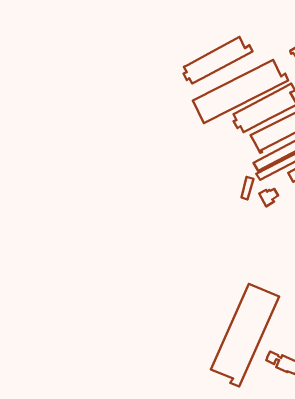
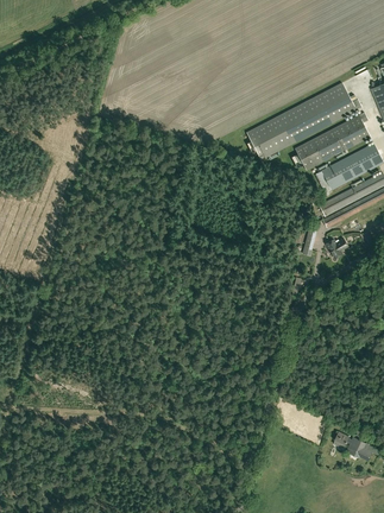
building: [184,37,253,83] -> none
building: [211,284,279,386] -> none

